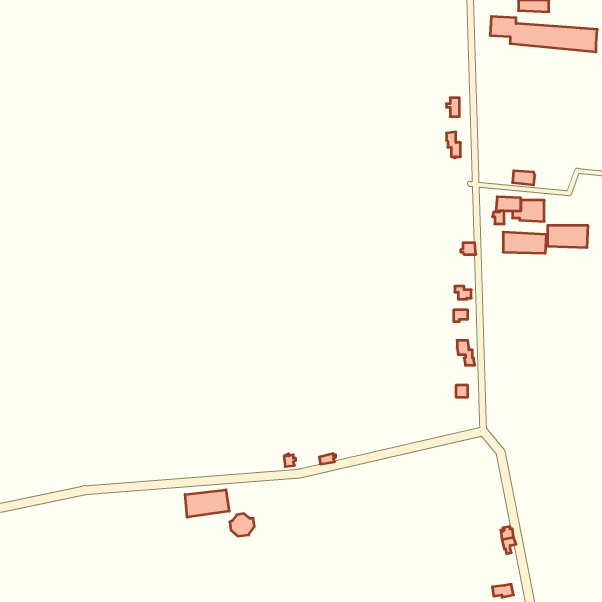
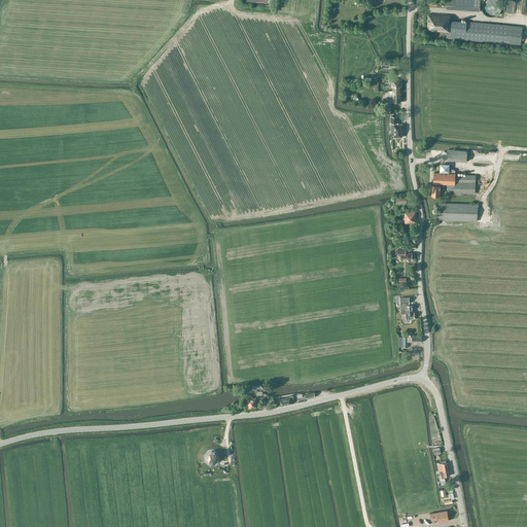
building: [548,225,588,248] -> none
building: [185,490,229,517] -> none

